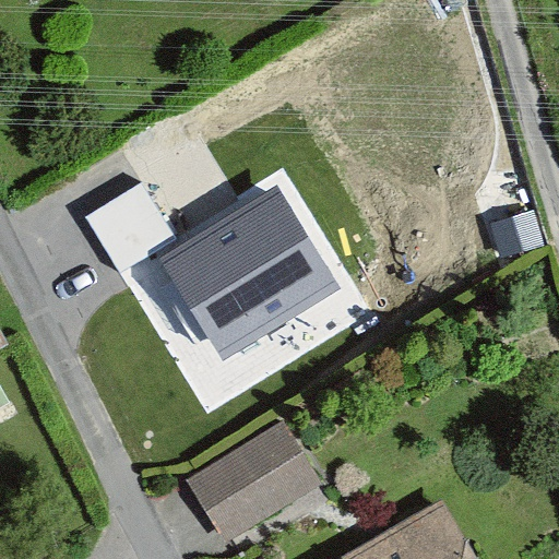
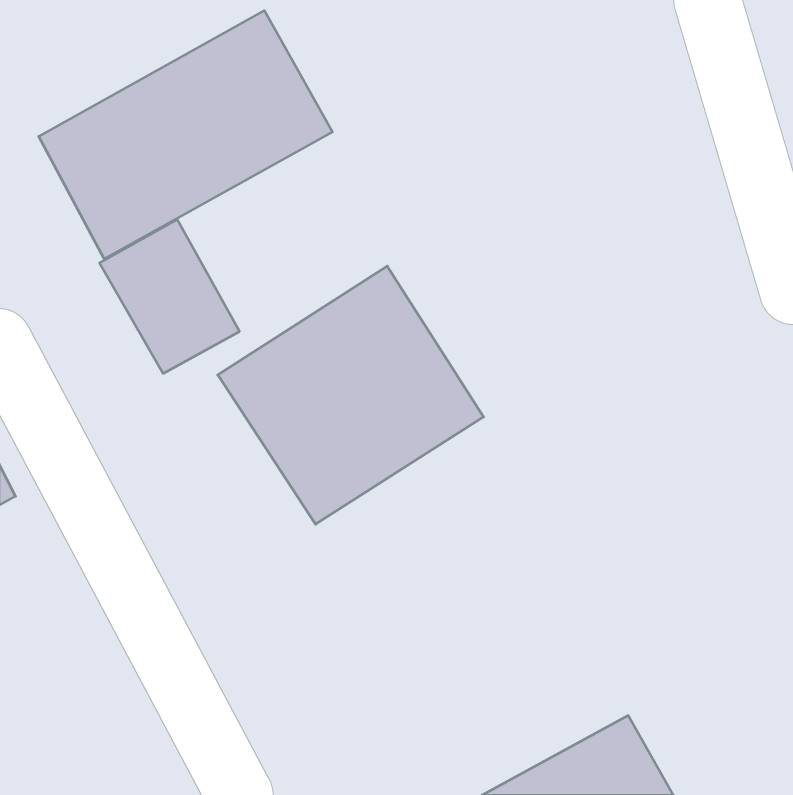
building: none -> [39,11,332,259]
building: [188,424,319,542] -> none

